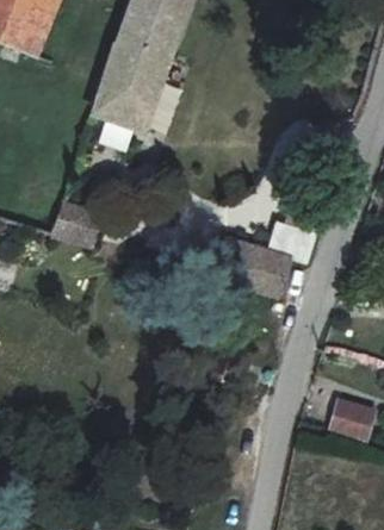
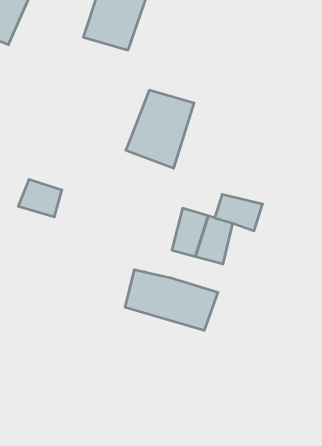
building: [89,44,166,131] -> [126,90,194,168]
building: none -> [125,270,218,330]
building: [328,401,368,442] -> none

